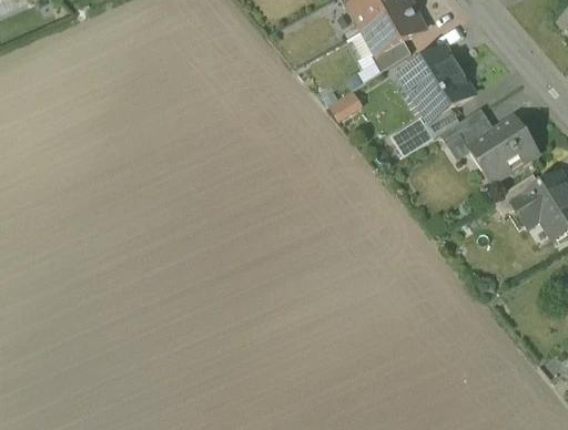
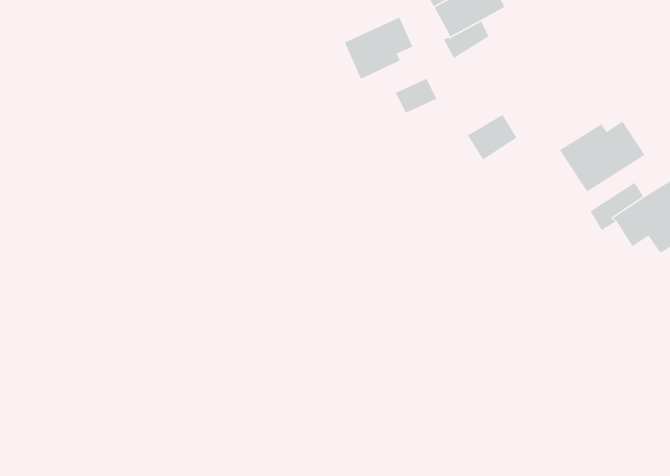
building: none -> [344,16,413,80]
building: [403,47,476,121] -> none
building: [442,106,497,147] -> none

